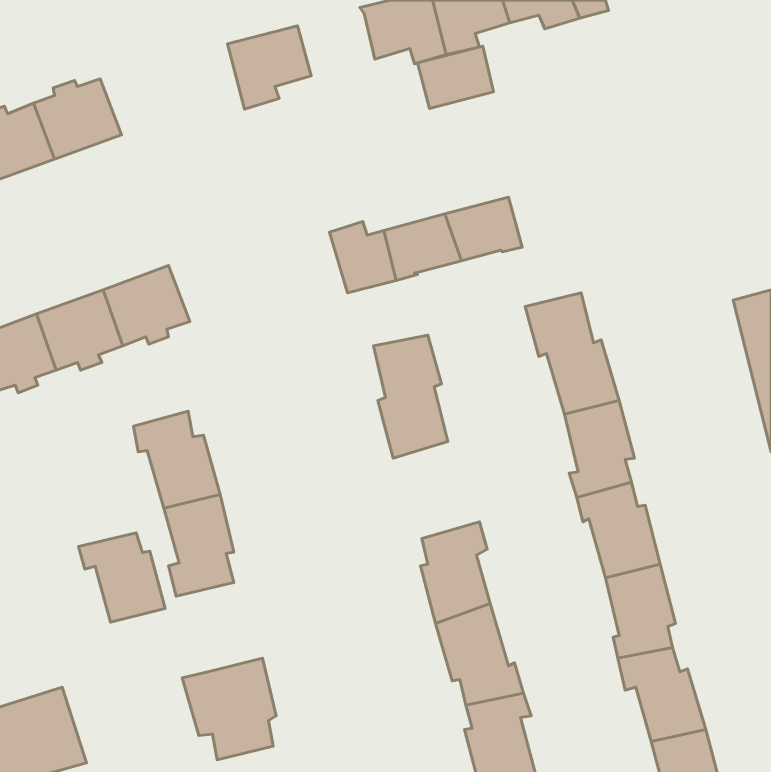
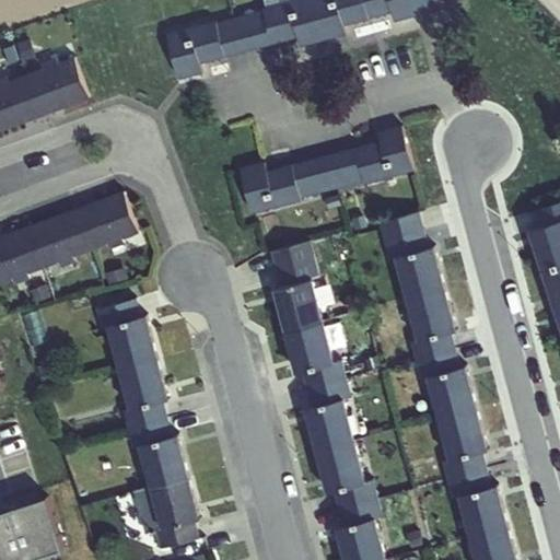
building: [418,46,493,108] -> [215,12,270,57]
building: none -> [366,126,412,180]
building: none -> [283,320,346,390]
building: [79,533,165,622] -> [127,422,189,487]

